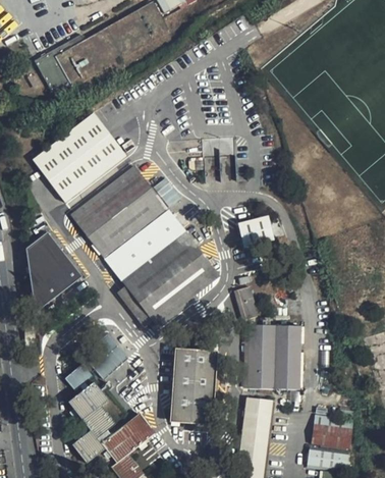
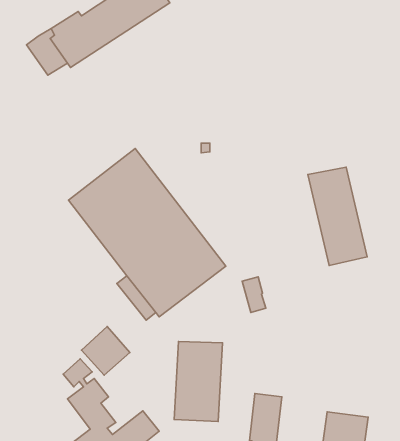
building: [32,112,126,203] -> none
building: none -> [308,167,367,266]
building: [239,221,273,243] -> none
building: [25,231,83,314] -> none
building: [248,317,301,389] -> none

